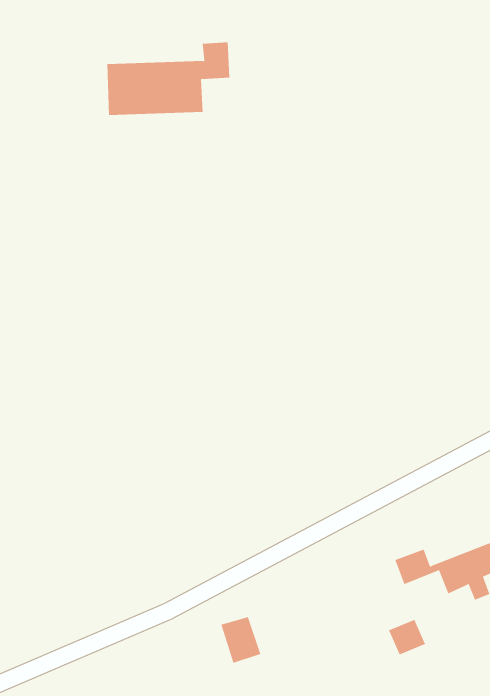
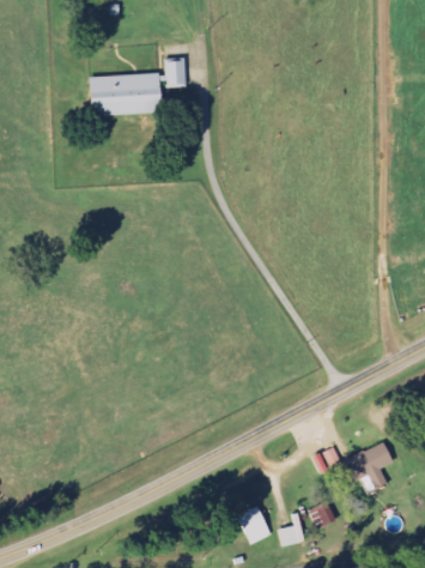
building: [220,617,261,664] -> [238,507,269,543]
building: none -> [277,513,303,545]

